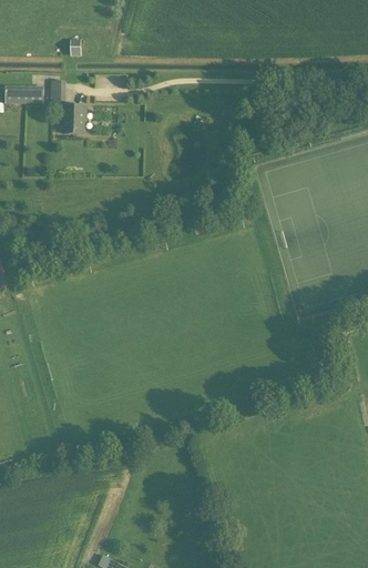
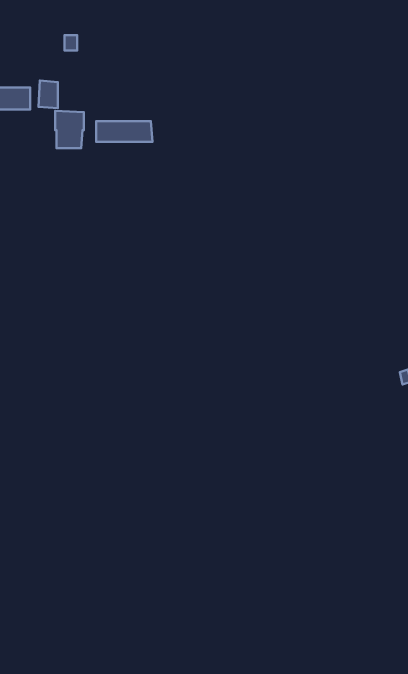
building: none -> [96,121,152,142]

